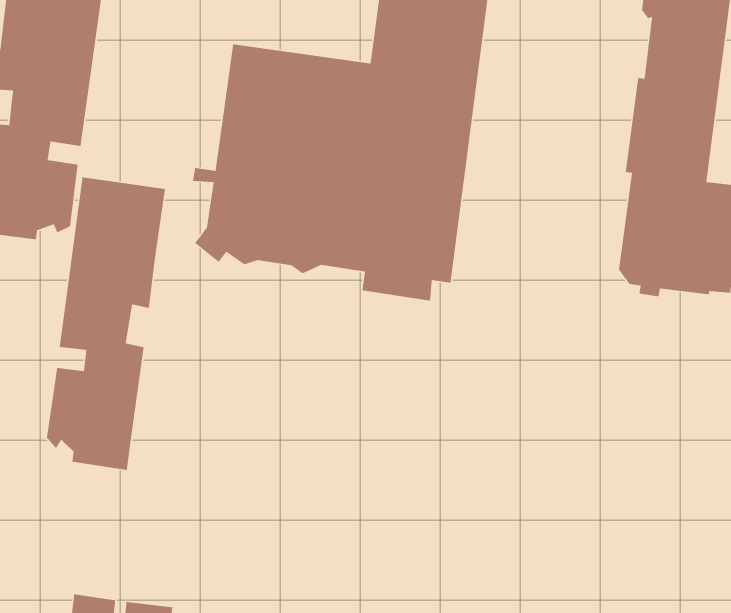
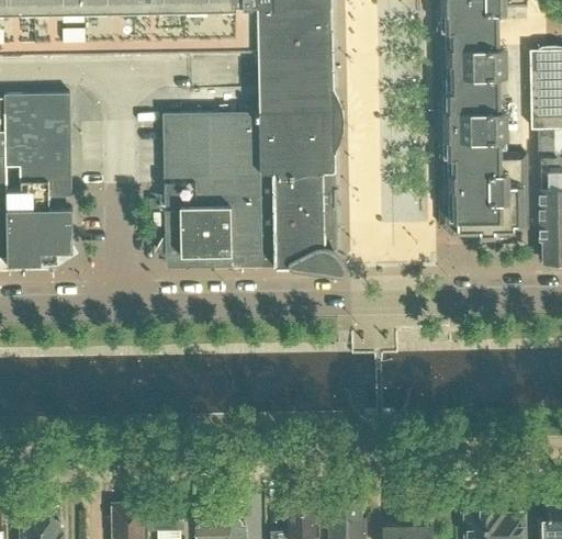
building: [46,176,166,471] -> none

